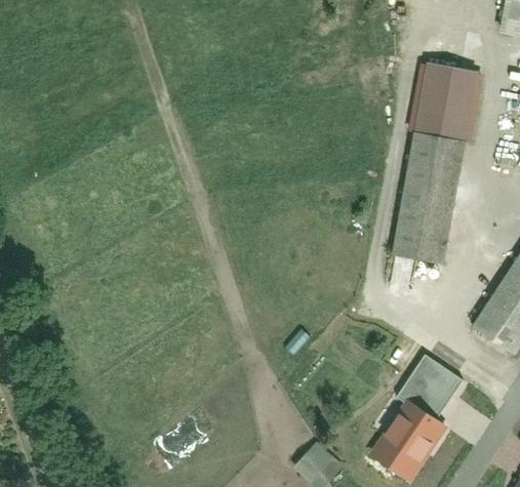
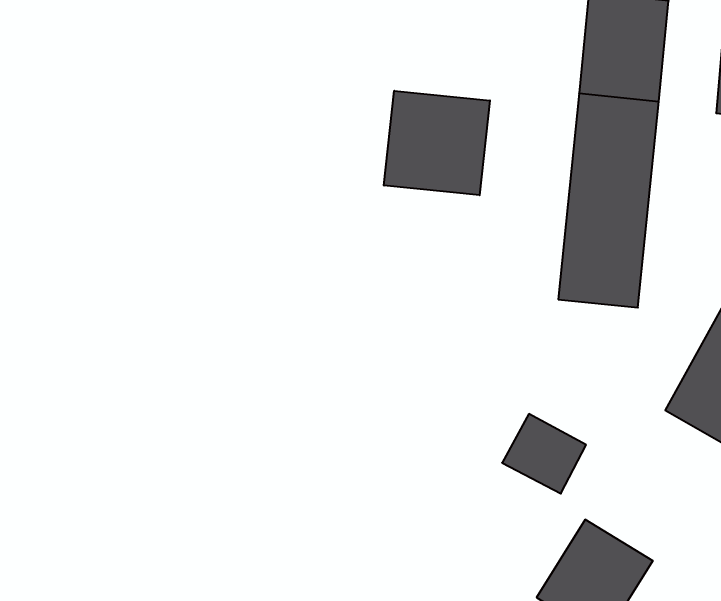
building: none -> [384,91,490,195]
building: [404,357,458,409] -> [502,414,586,494]

